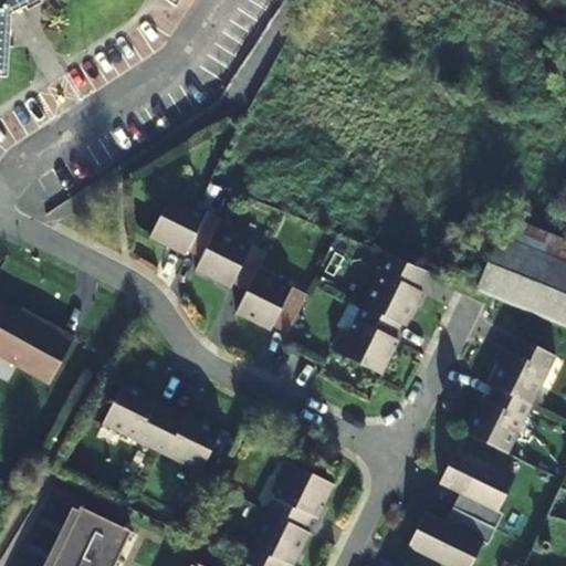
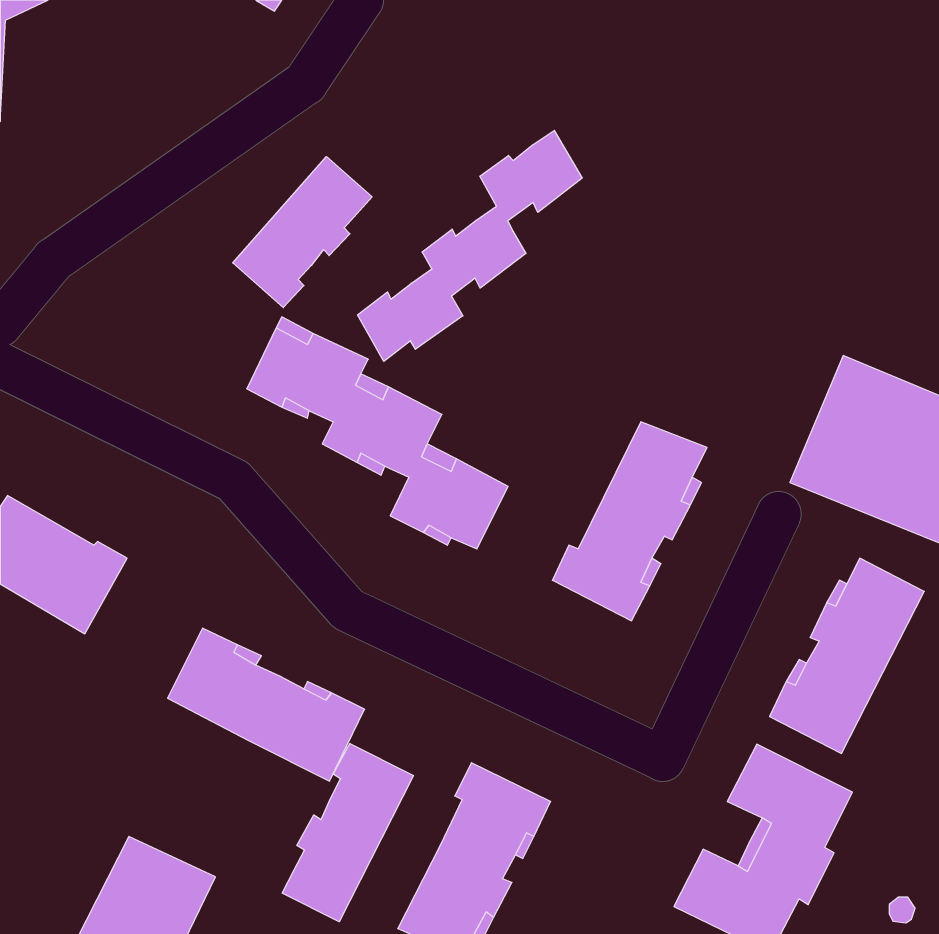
building: none -> [358,130,582,361]
building: none -> [233,157,372,308]
building: none -> [282,743,413,922]

